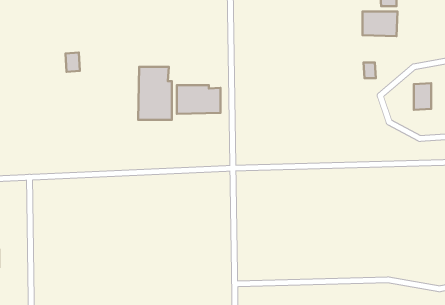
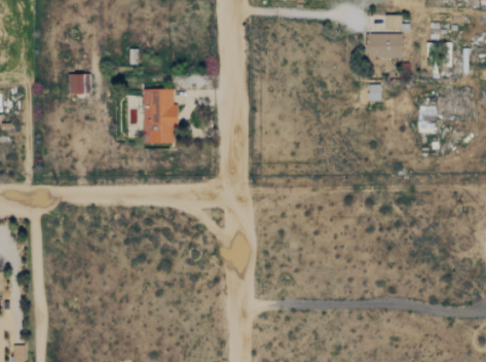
building: [177,85,220,114] -> none

